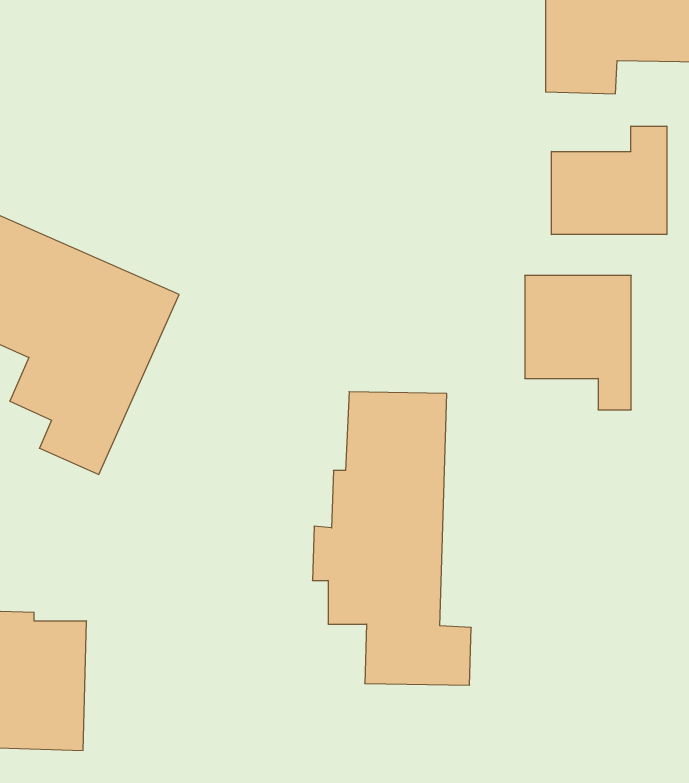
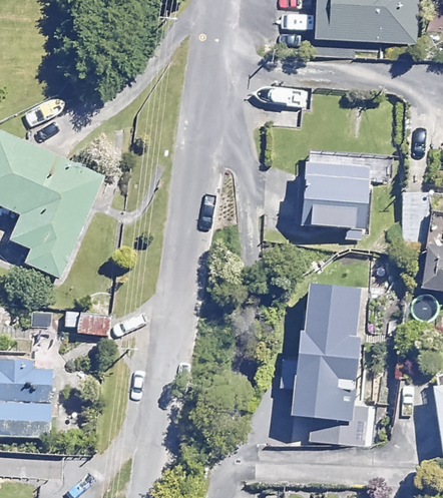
building: [551,126,667,235] -> none
building: [312,392,471,685] -> [281,279,372,447]

